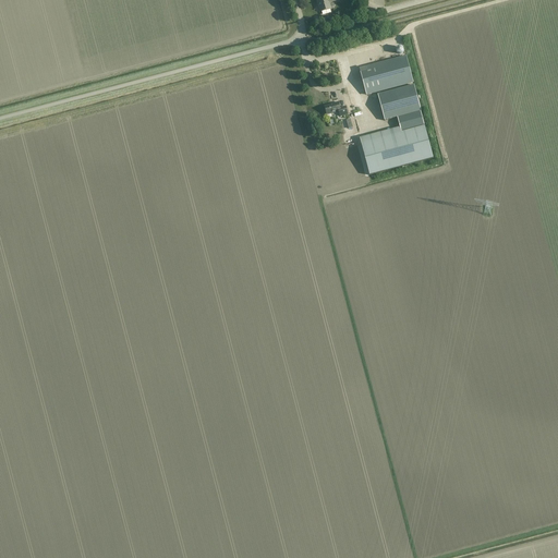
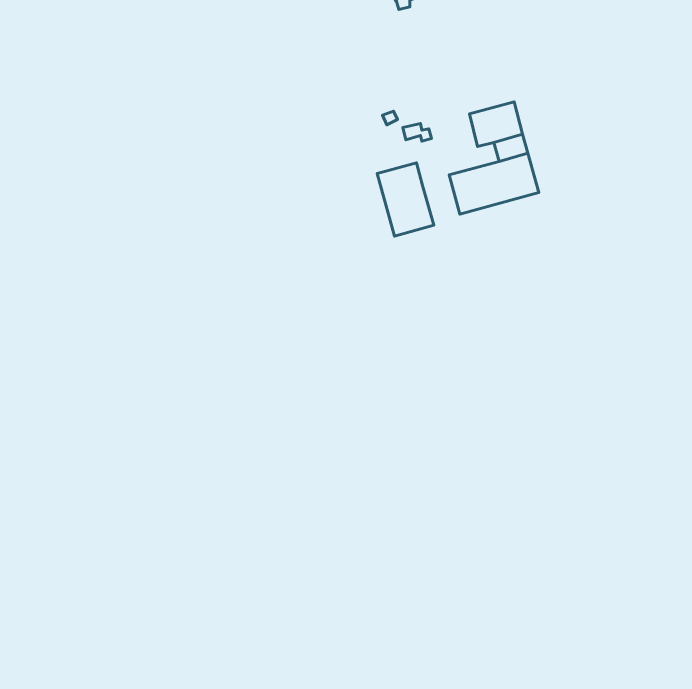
building: [359,53,412,92] -> none
building: none -> [377,163,434,236]

